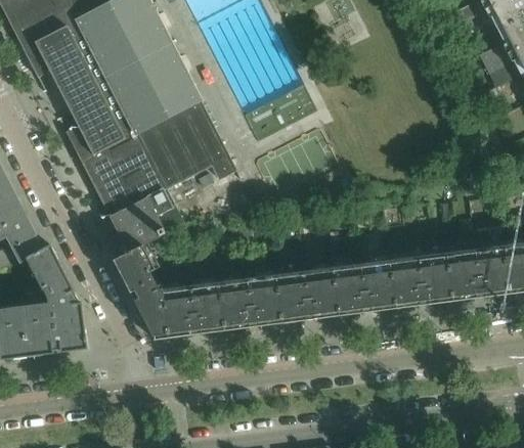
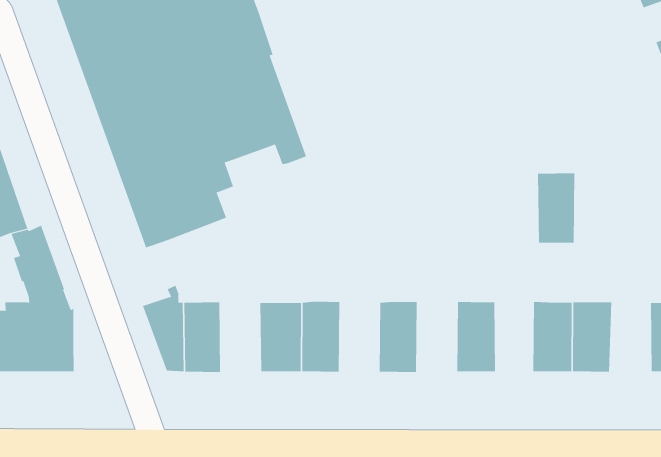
building: [473,244,508,299] -> none
building: [115,245,157,295] -> none
building: [388,255,422,309] -> [537,173,575,243]
building: [332,262,366,317] -> none
building: [275,270,310,324] -> none
building: [188,281,224,335] -> none

